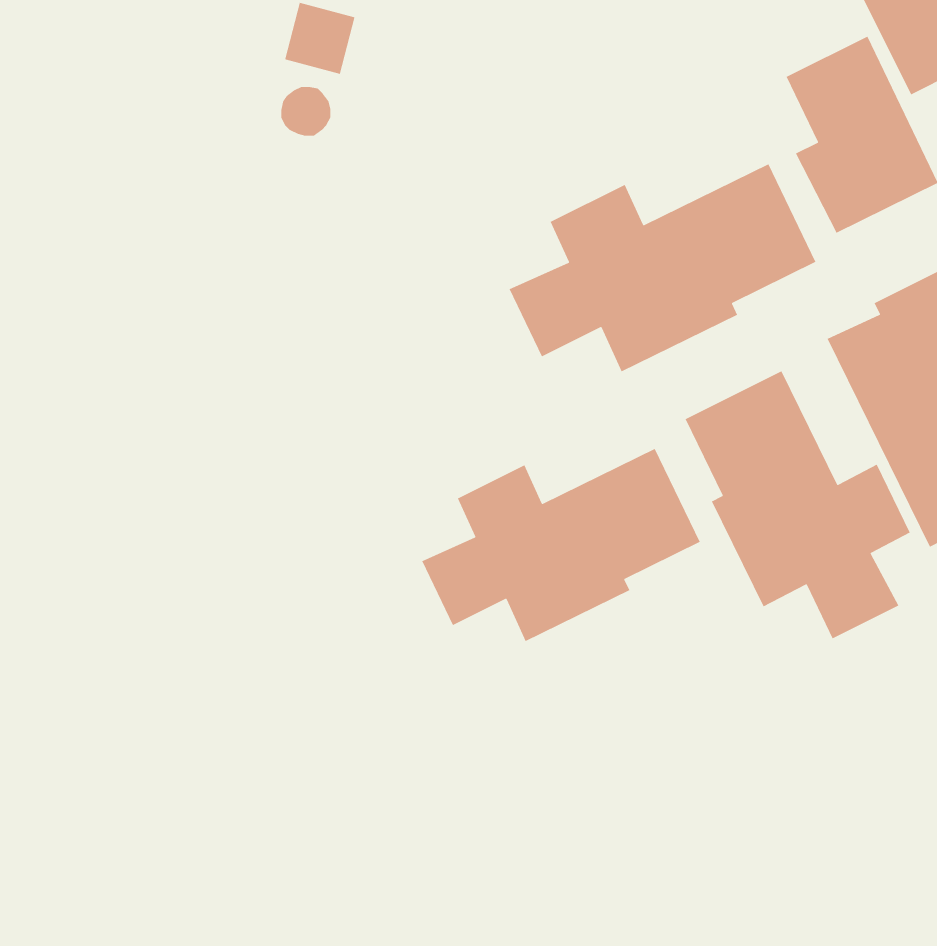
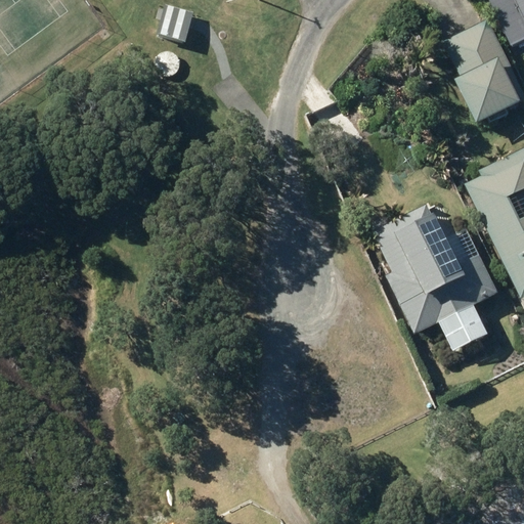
building: [509,163,817,373] -> none
building: [421,448,701,642] -> none

